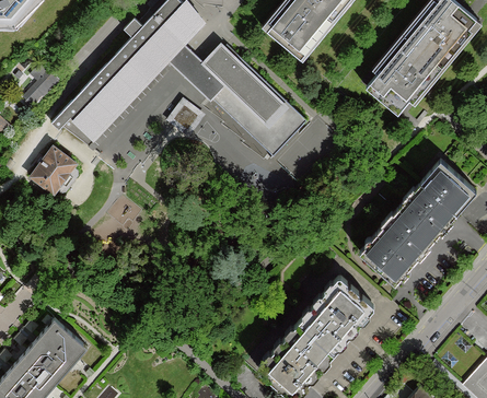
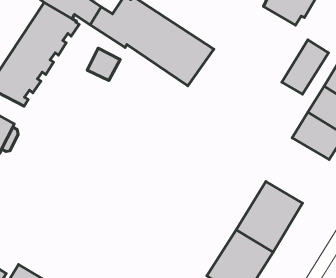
building: none -> [282,40,329,94]
building: [358,232,411,283] -> none

